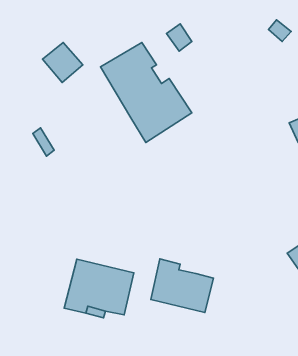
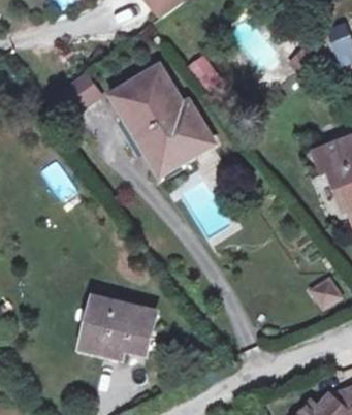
building: [151,259,213,312] -> none

